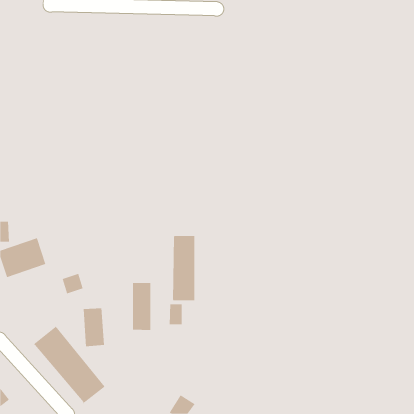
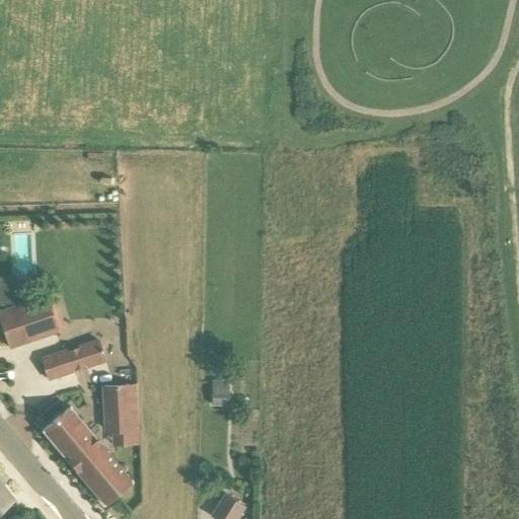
building: [172,235,195,301] -> none
building: none -> [41,352,72,379]
building: [132,282,151,331] -> none

